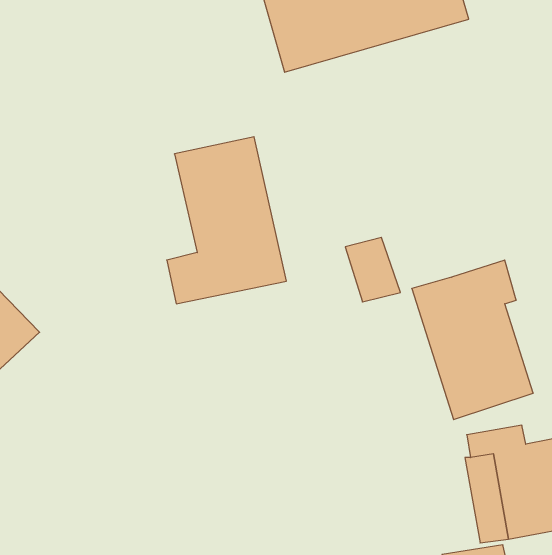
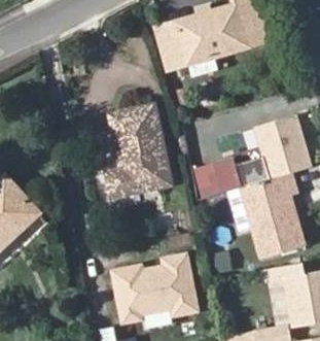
building: none -> [246,114,309,181]
building: none -> [115,253,206,325]

